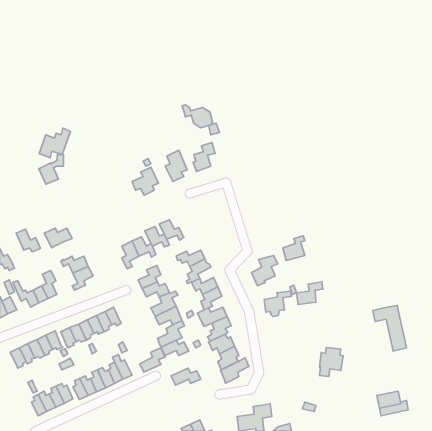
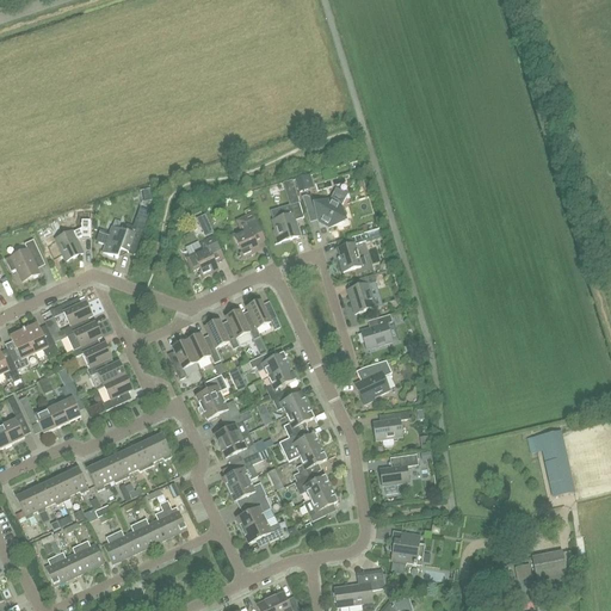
building: [182,105,213,128] -> [301,193,344,226]
building: [39,128,71,158] -> [101,215,146,257]
building: none -> [337,230,365,270]
building: none -> [5,237,39,279]
building: none -> [346,272,376,311]
building: none -> [246,298,280,328]
building: none -> [49,300,91,325]
building: none -> [10,328,33,369]
building: [283,236,305,260] -> [360,313,391,347]
building: none -> [72,341,111,366]
building: [296,282,323,305] -> [379,452,416,485]
building: [320,347,343,376] -> [390,531,424,572]
building: [140,348,165,372] -> [235,494,271,529]
building: [220,358,249,383] -> none

